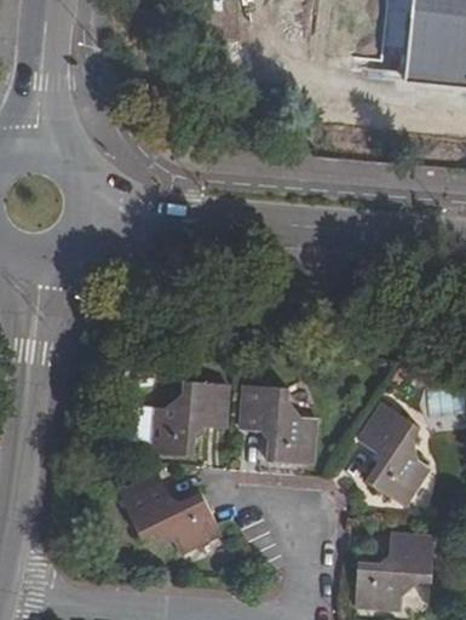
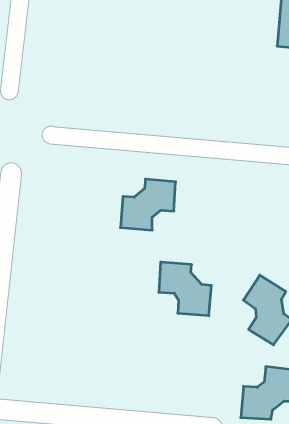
building: [148,381,225,453] -> [120,179,176,230]
building: [123,481,219,553] -> none

